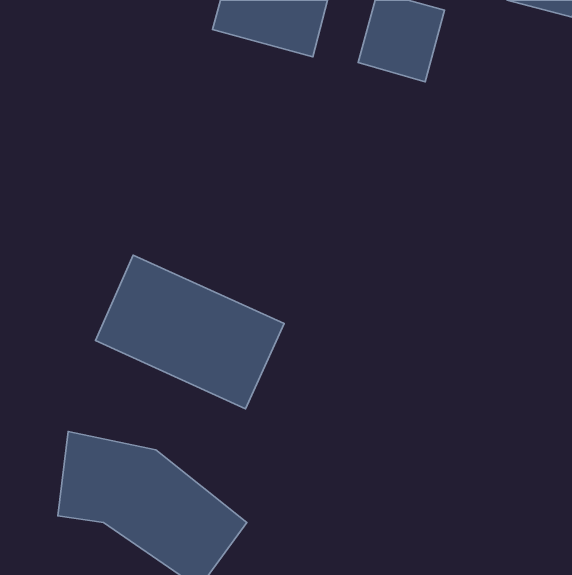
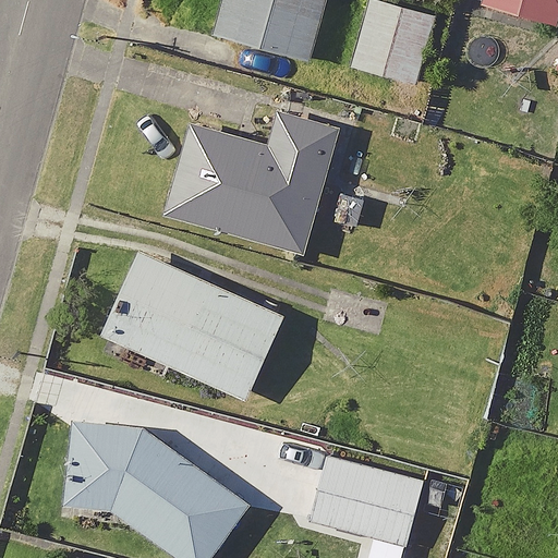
building: none -> [163,116,338,254]
building: none -> [313,454,428,549]

